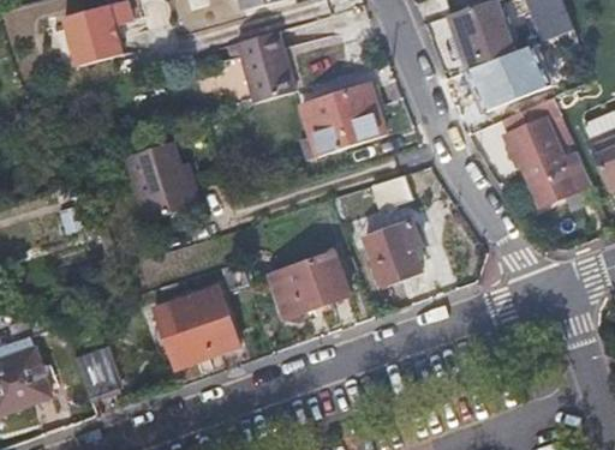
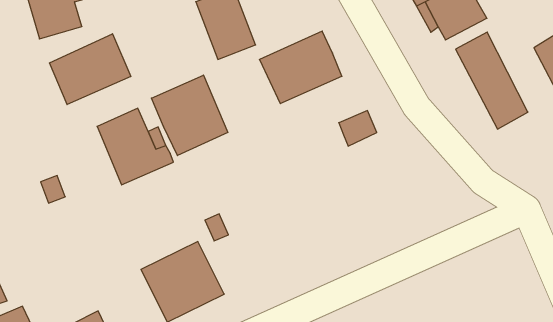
building: none -> [50,34,131,105]
building: none -> [151,75,228,156]
building: [363,220,420,284] -> none
building: [268,254,347,319] -> none

